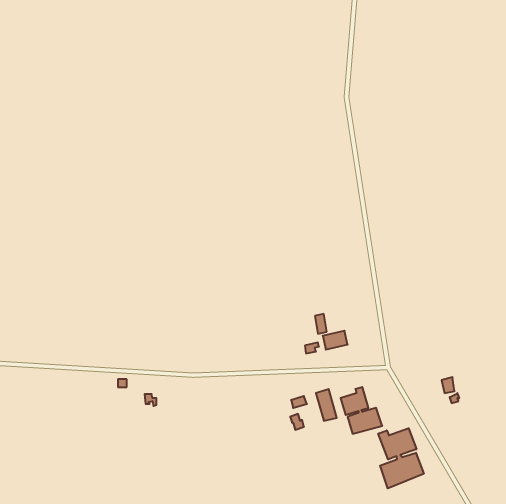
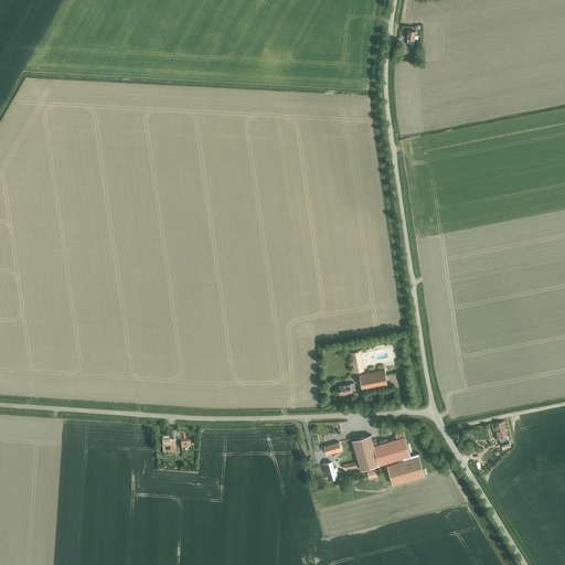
building: [378,428,424,488] -> none

